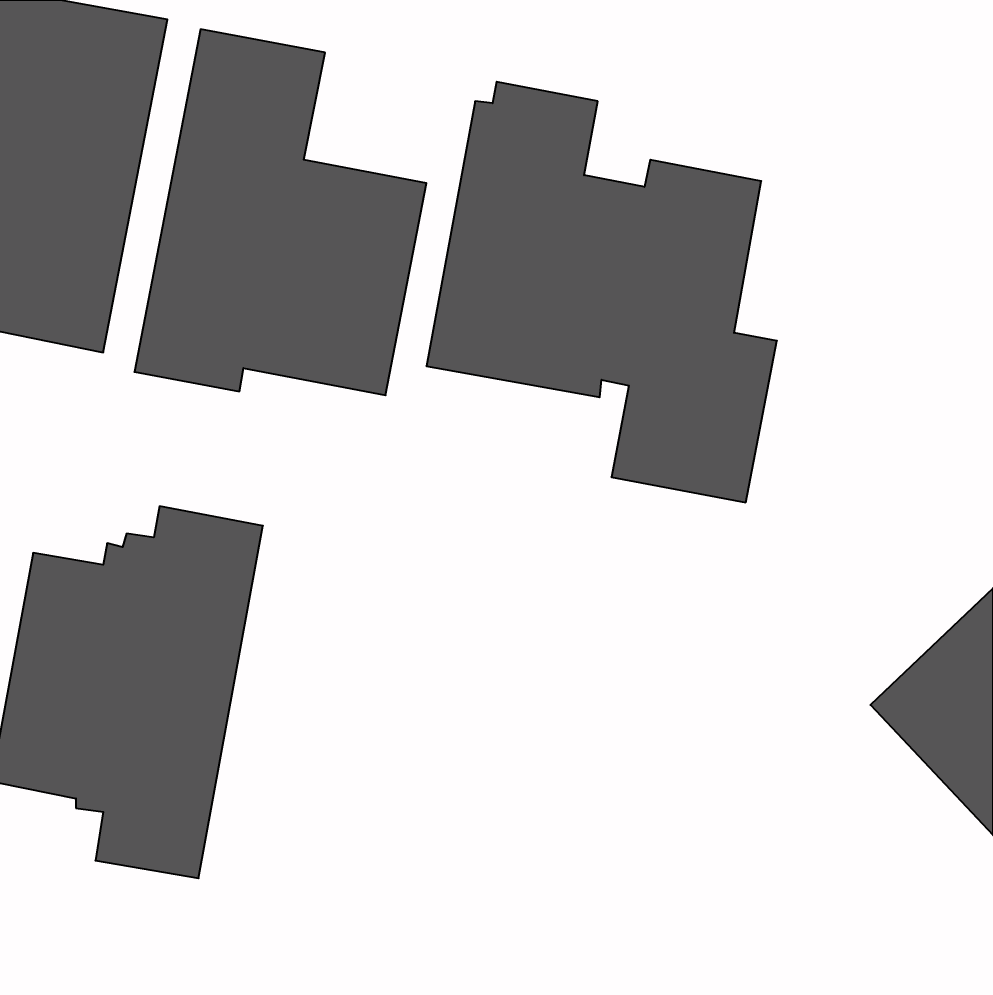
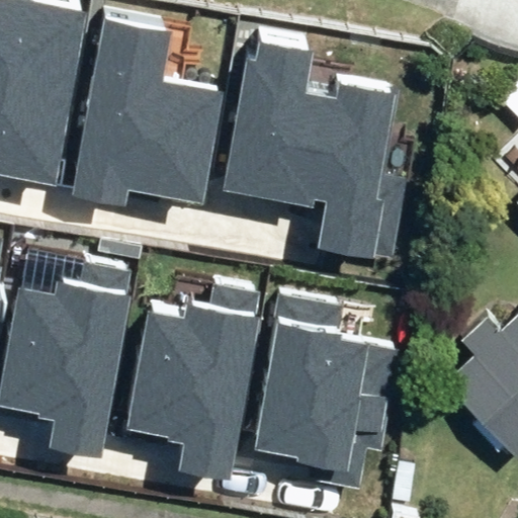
building: none -> [127,280,261,482]
building: none -> [252,290,400,487]

